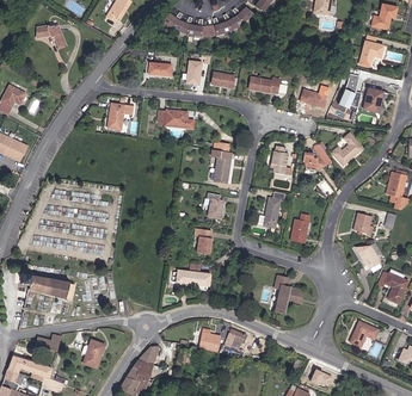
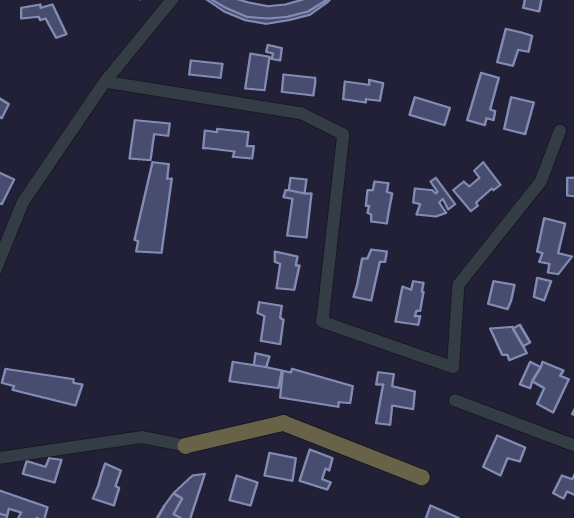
building: none -> [134,162,172,253]
building: none -> [280,369,353,407]

